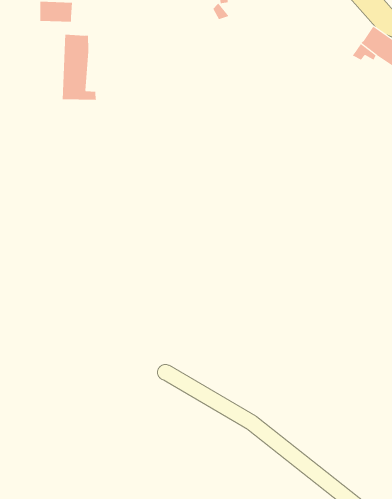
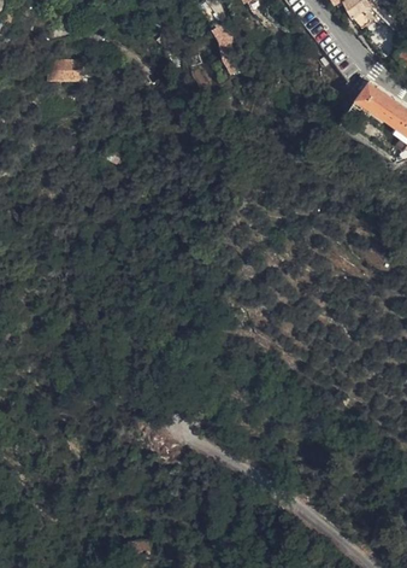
building: [62,34,96,101] -> none

